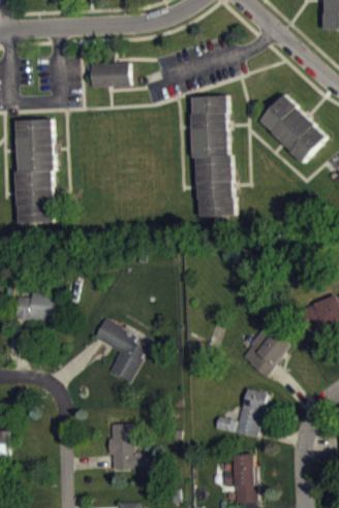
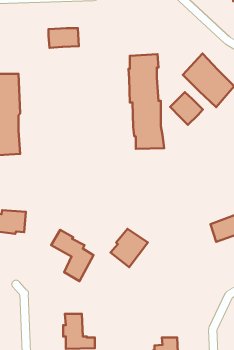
building: none -> [170,92,203,125]
building: [241,326,288,375] -> [110,229,148,267]
building: [213,388,266,437] -> none

